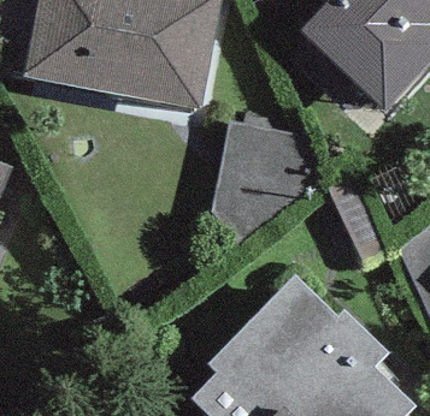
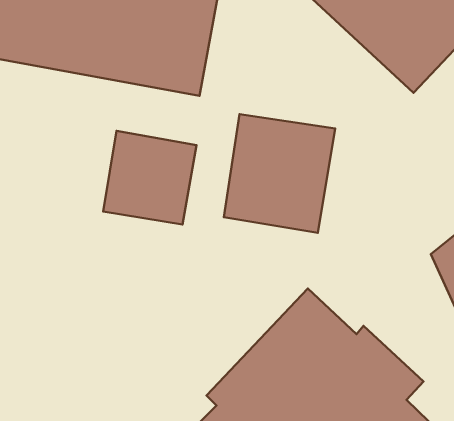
building: none -> [103,131,197,224]

